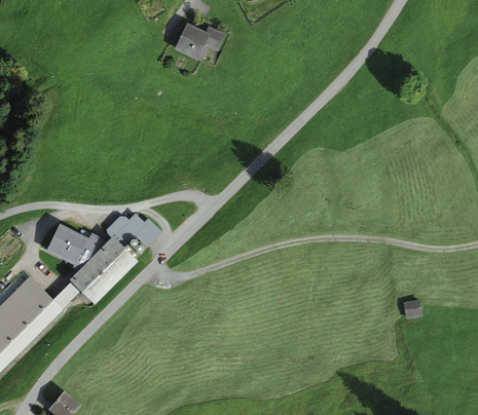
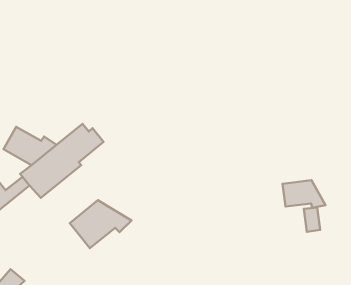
building: none -> [283,180,325,208]
building: none -> [70,200,132,248]

